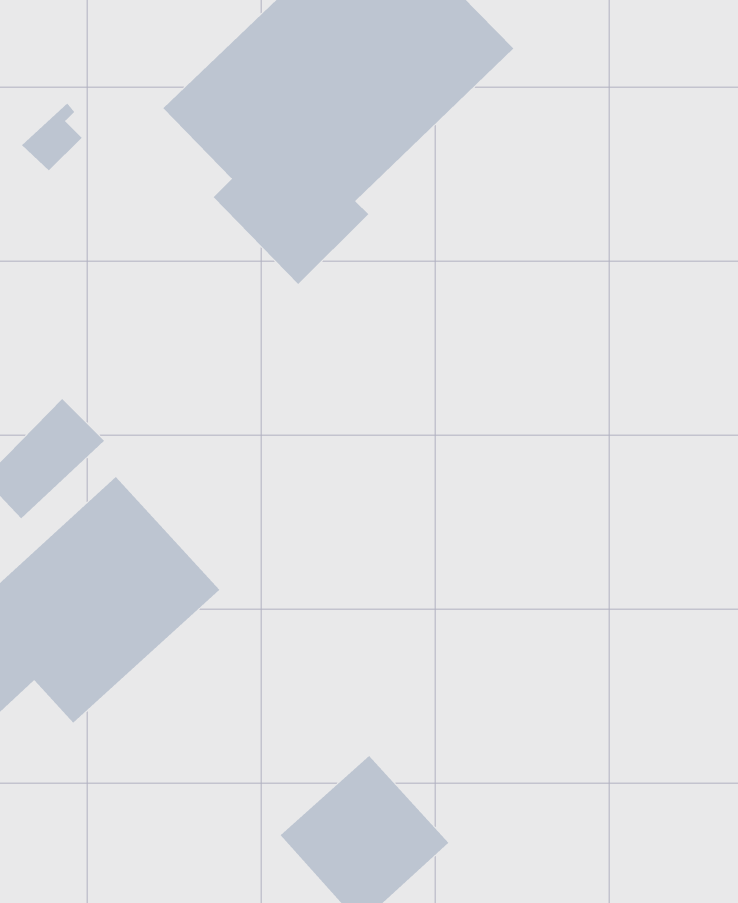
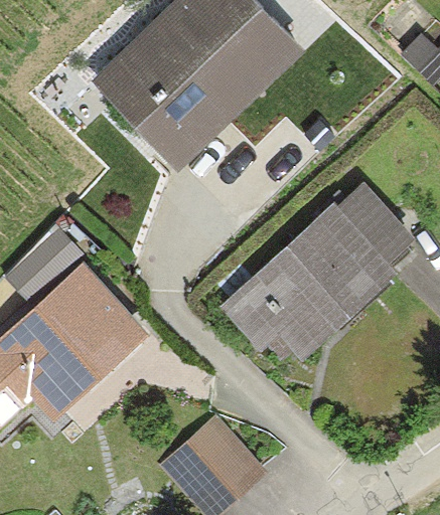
building: none -> [233,191,413,361]

